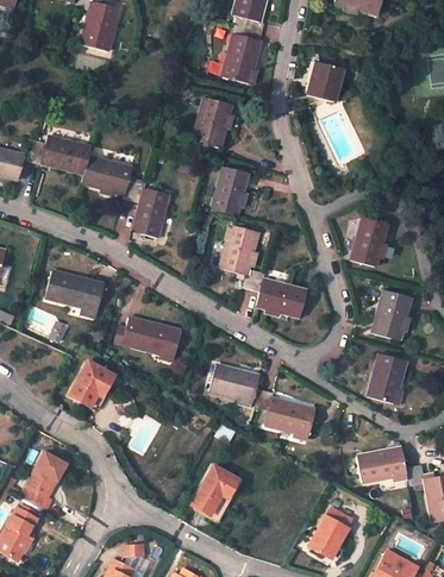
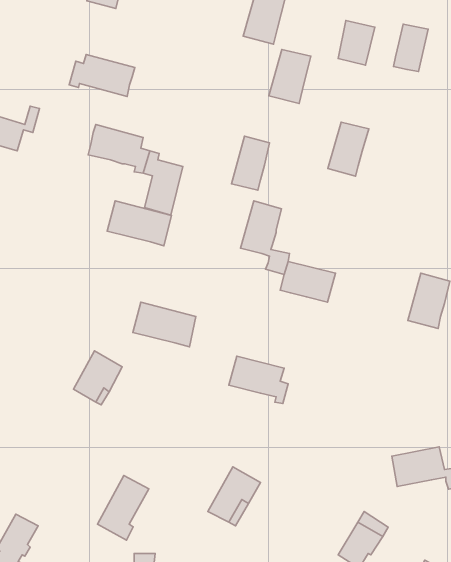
building: none -> [394,24,428,71]
building: [193,99,231,148] -> [269,50,311,104]
building: [32,136,92,174] -> [69,54,135,97]
building: [350,218,387,266] -> [328,122,369,176]
building: [45,270,104,311] -> [107,201,172,246]
building: [367,353,405,404] -> none
building: [258,390,315,435] -> none
building: [20,452,67,510] -> [98,476,149,540]

